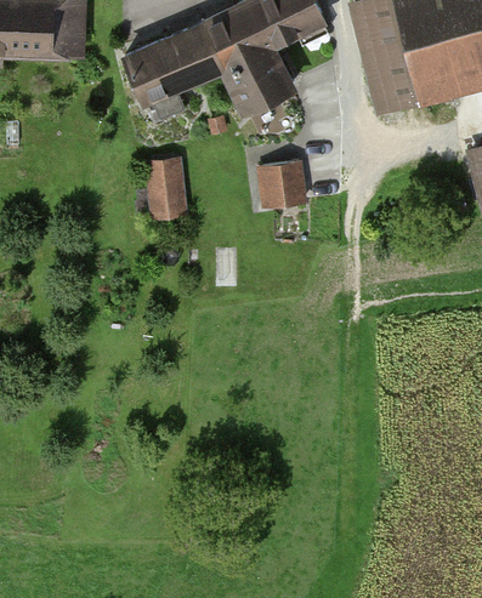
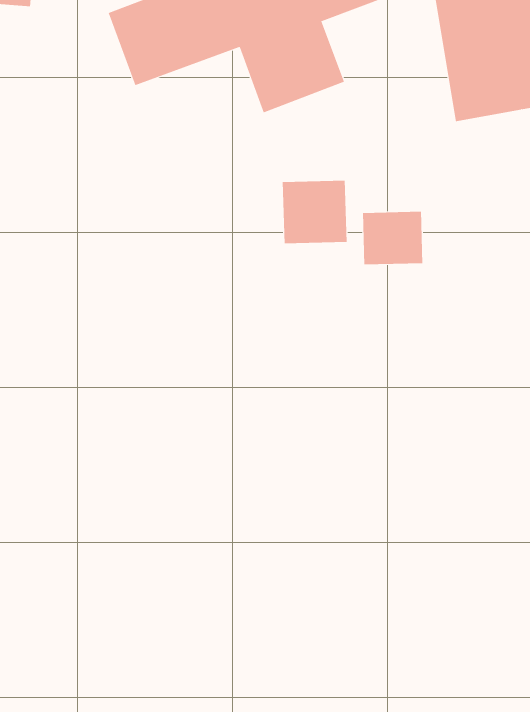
building: [149,155,186,215] -> none
building: none -> [363,211,423,265]

